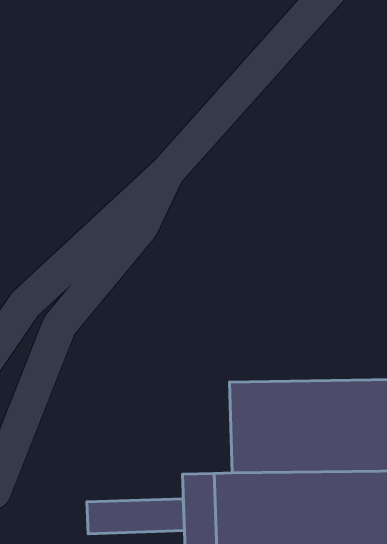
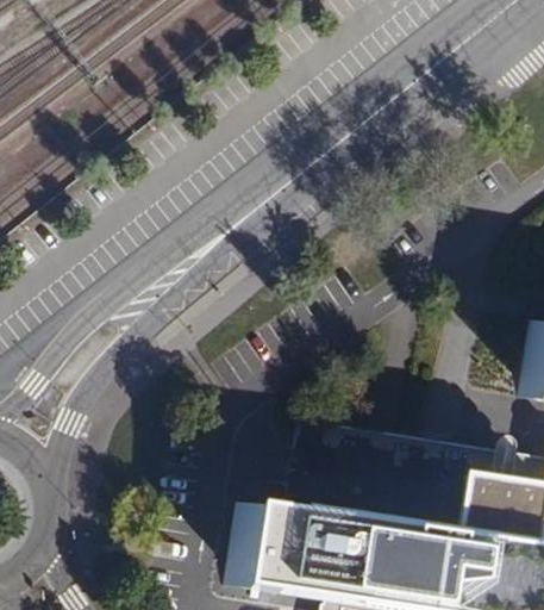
building: [87,499,185,534] -> none

